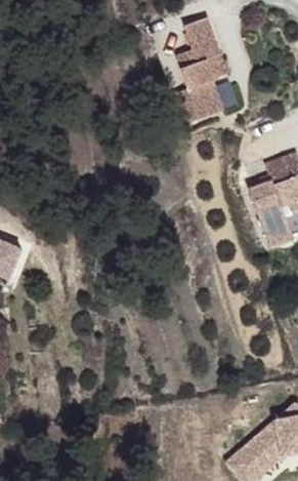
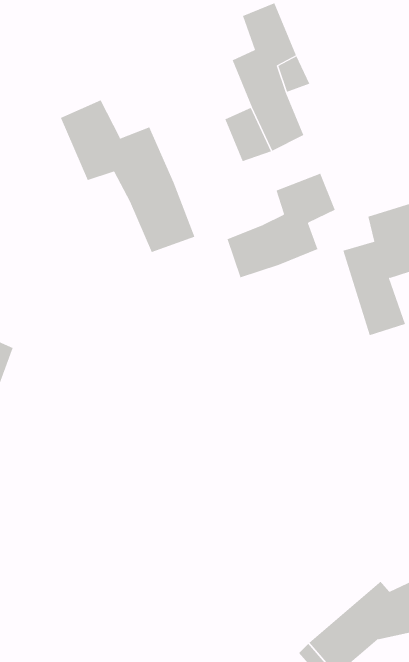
building: none -> [60,100,195,253]
building: none -> [227,173,336,278]

